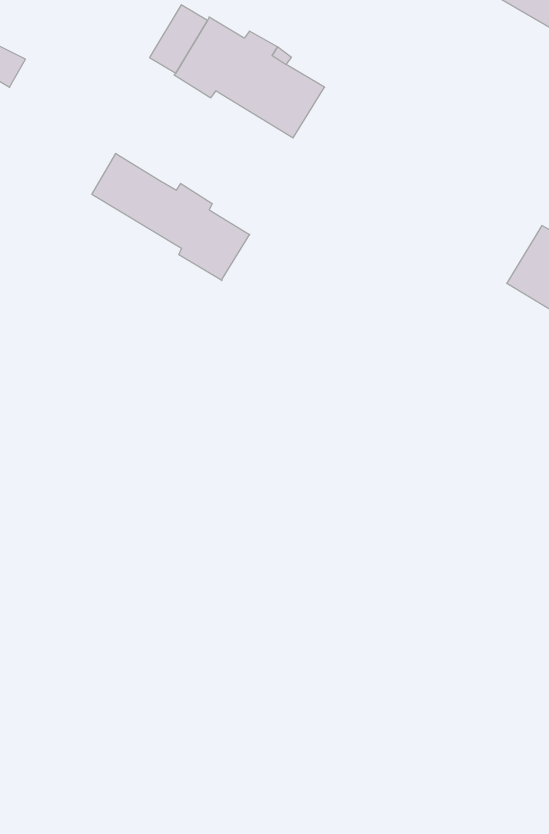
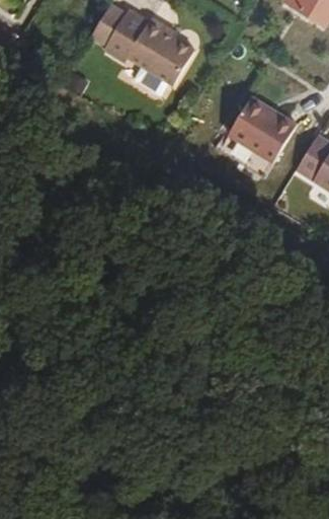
building: [92,153,250,281] -> none
building: none -> [228,96,295,160]

